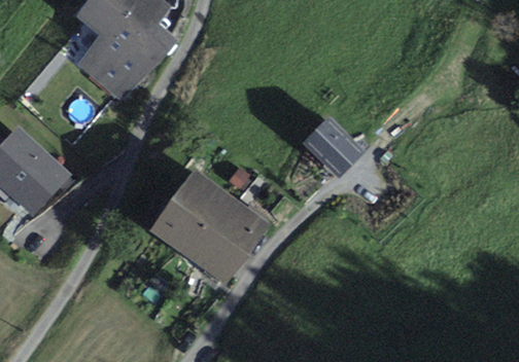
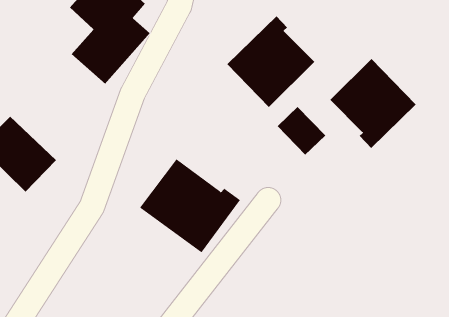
building: none -> [227,16,315,108]
building: none -> [329,58,417,149]

